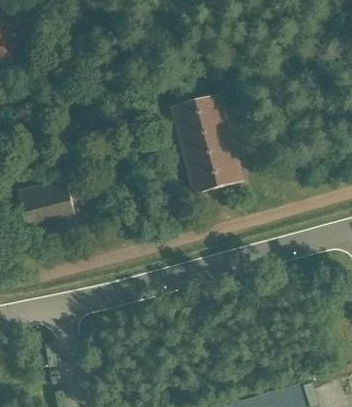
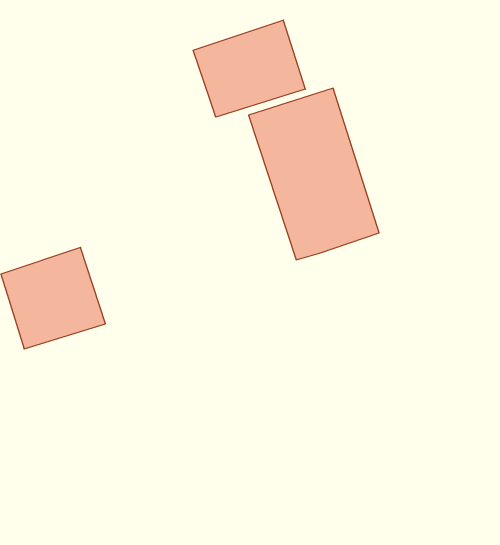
building: none -> [193,20,305,117]

